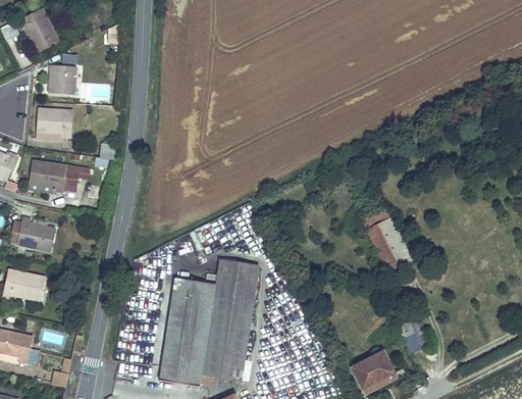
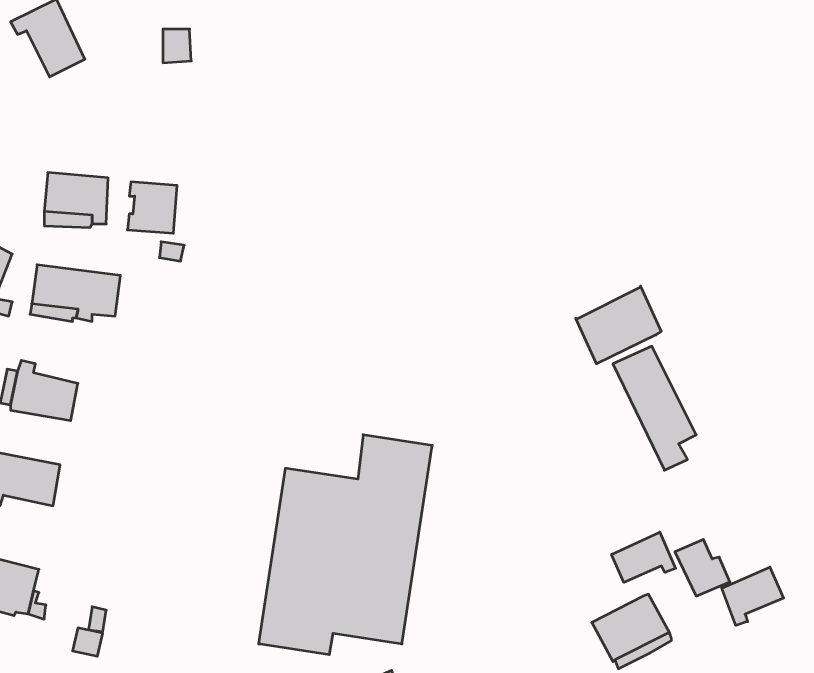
building: [48,64,76,94] -> [127,182,177,233]
building: none -> [576,286,661,364]
building: none -> [612,532,676,582]
building: none -> [722,567,784,625]

